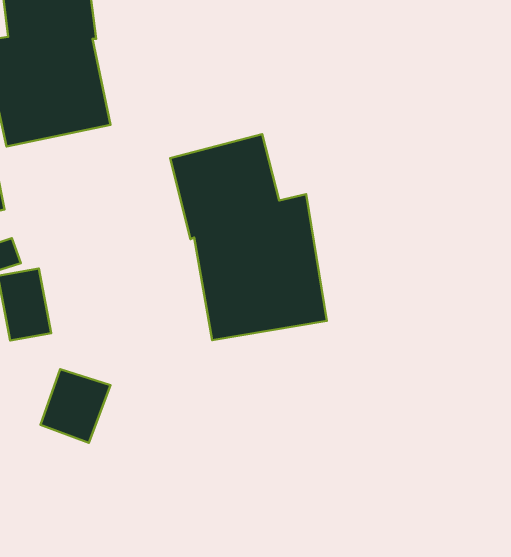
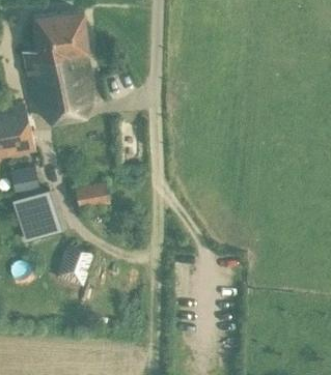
building: [170,134,327,340] -> none
building: none -> [75,183,106,209]

